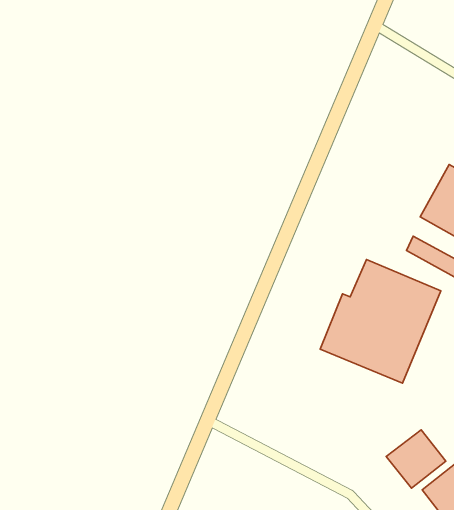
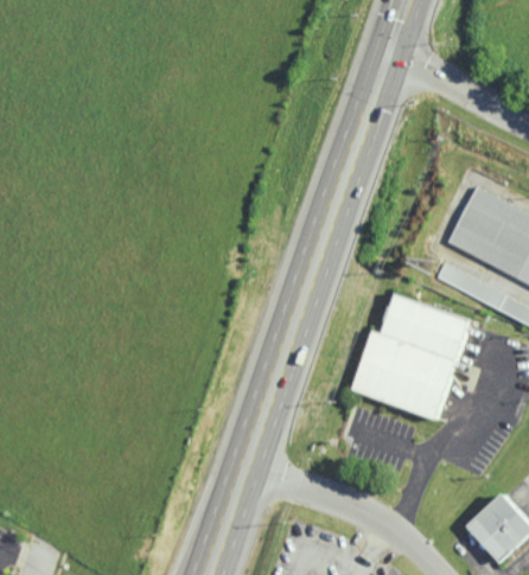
building: [386,430,446,488] -> none

